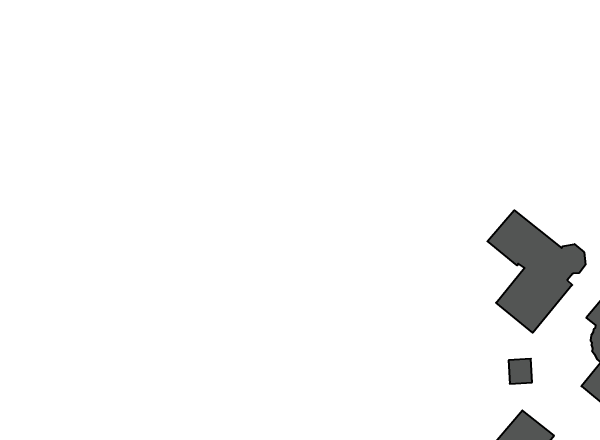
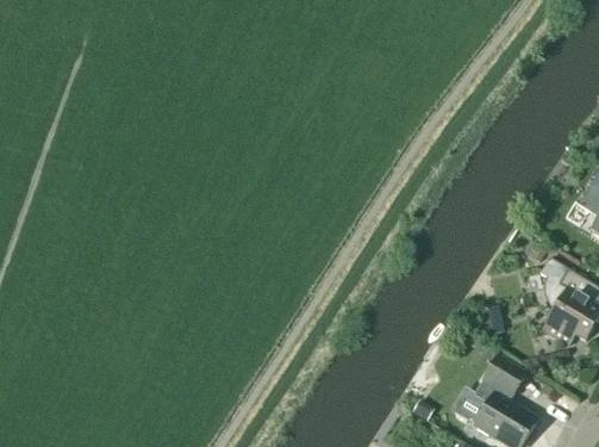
building: [487,210,585,333] -> none

